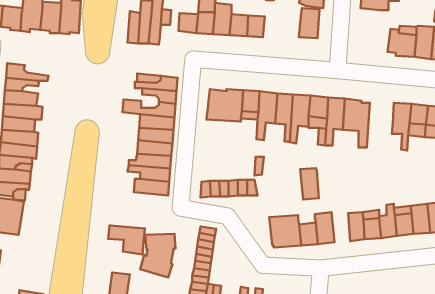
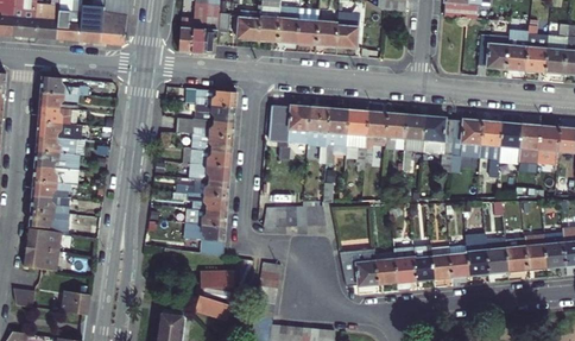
building: [299,8,320,38] -> [334,13,358,48]
building: none -> [453,120,484,173]
building: [300,168,319,199] -> [412,245,434,280]
building: [108,225,145,254] -> [184,223,226,257]
building: none -> [61,290,89,314]

